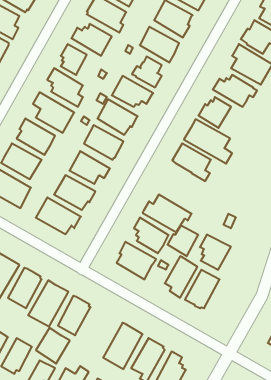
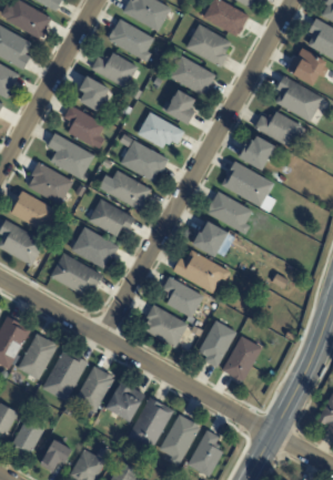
building: [167,225,198,256] -> [193,221,229,256]
building: [200,234,231,270] -> none
building: [36,328,70,364] -> [105,380,144,421]

